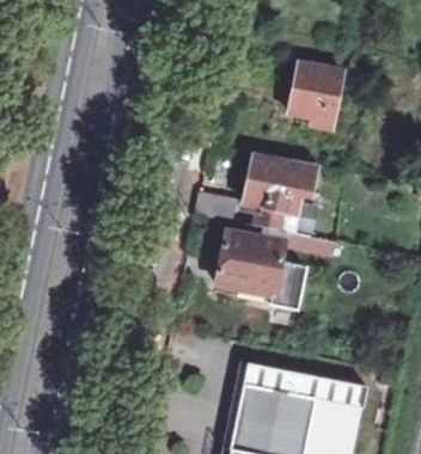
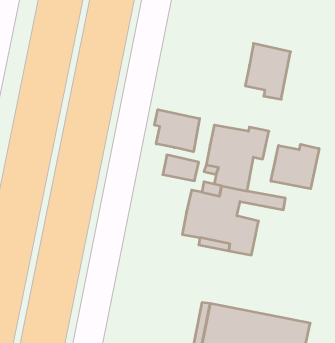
building: none -> [154,110,200,152]
building: none -> [271,144,319,189]

